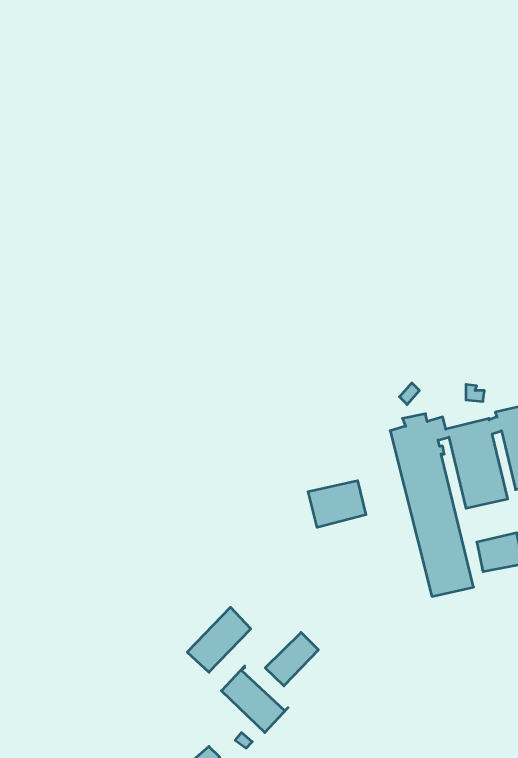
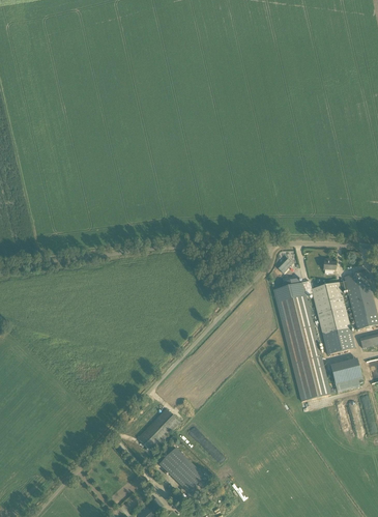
building: [308,481,366,527] -> none
building: [265,632,318,686] -> none

